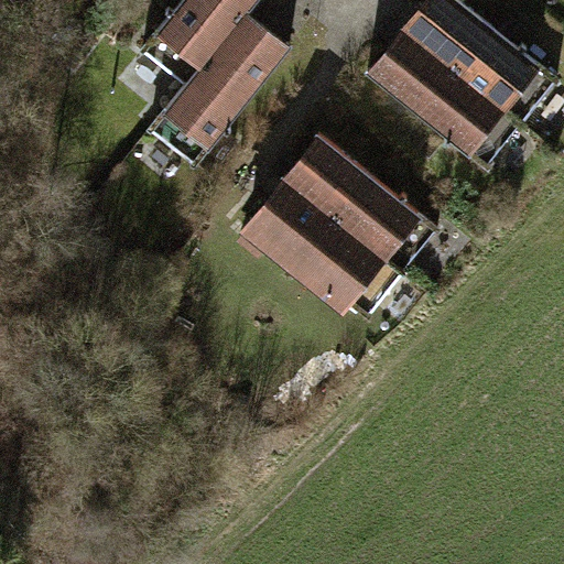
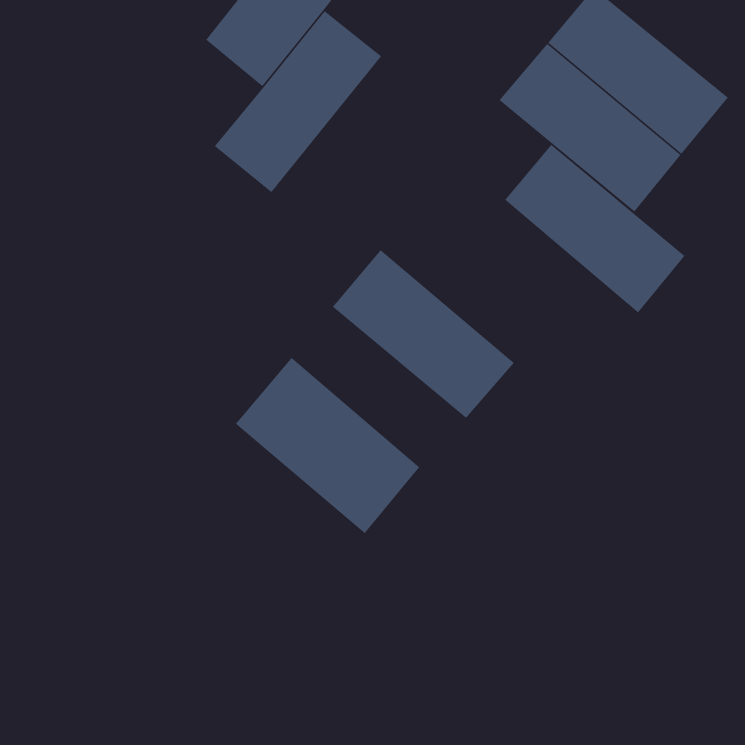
building: [284,144,420,271] -> [504,144,685,313]
building: none -> [235,357,420,534]

